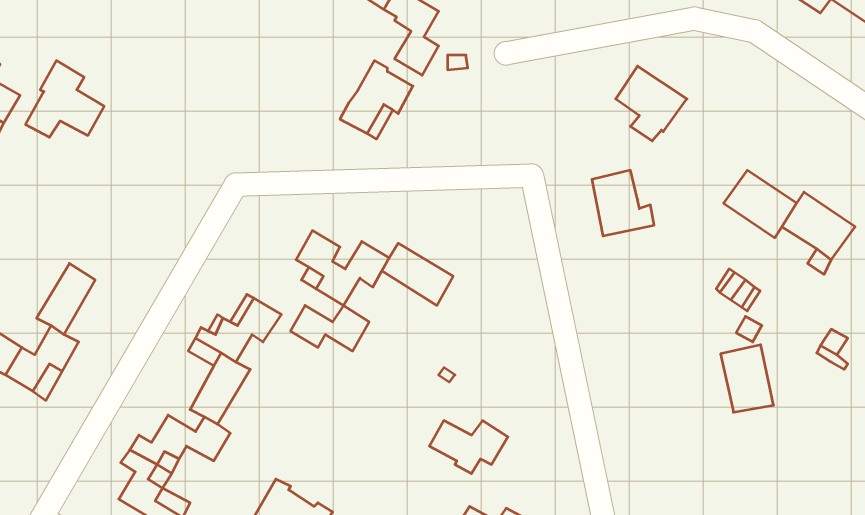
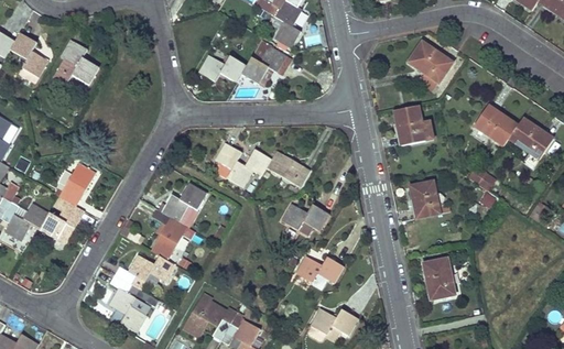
building: none -> [198,56,247,83]
building: none -> [410,181,440,218]
building: [291,305,369,351] -> [281,204,328,231]
building: [721,345,774,412] -> [423,259,455,299]

